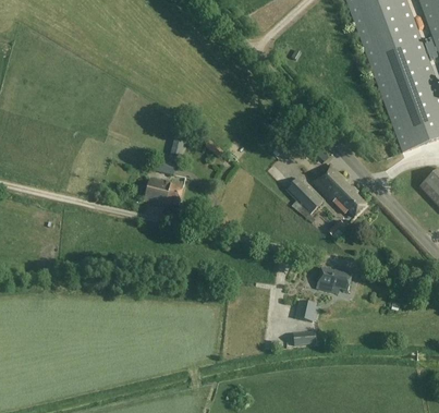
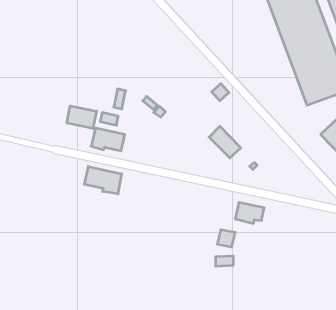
building: none -> [67,106,97,129]
building: [314,163,366,216] -> none
building: none -> [84,166,122,194]

